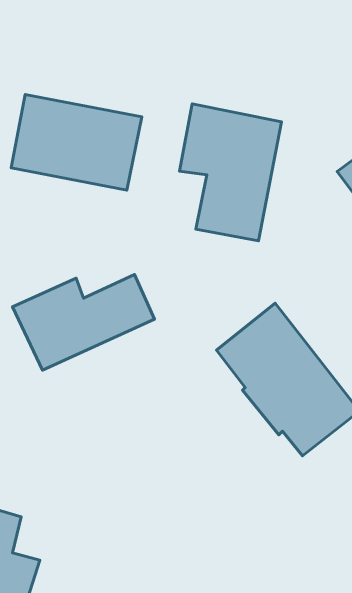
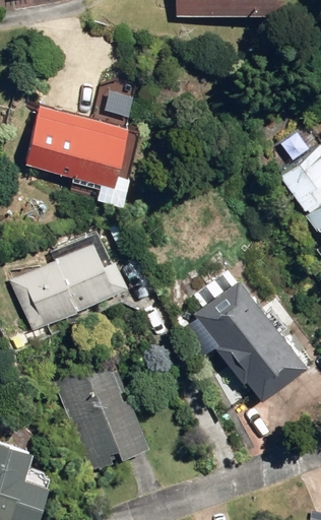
building: [180,104,281,241] -> none
building: none -> [48,363,152,473]

